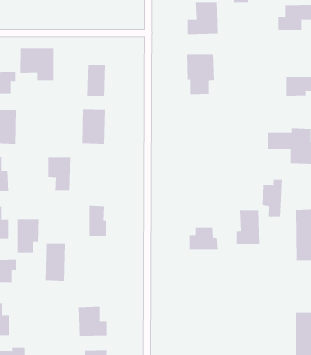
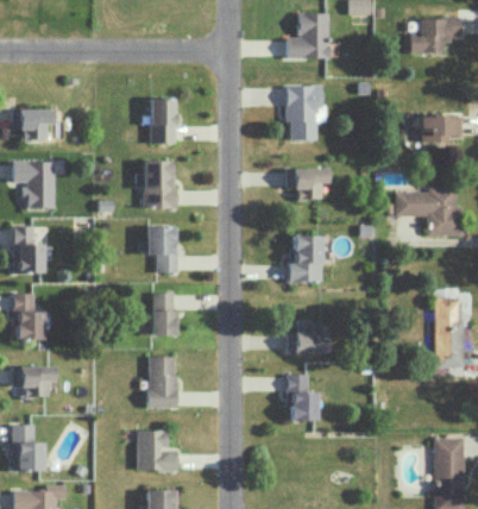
building: [20,47,54,81] -> none
building: none -> [290,168,328,199]
building: [47,157,71,191] -> [146,226,178,272]
building: [262,179,282,217] -> none
building: [236,210,260,245] -> [289,234,322,282]
building: [17,219,39,253] -> none
building: [45,243,66,281] -> [149,356,177,408]
building: none -> [288,373,317,420]

